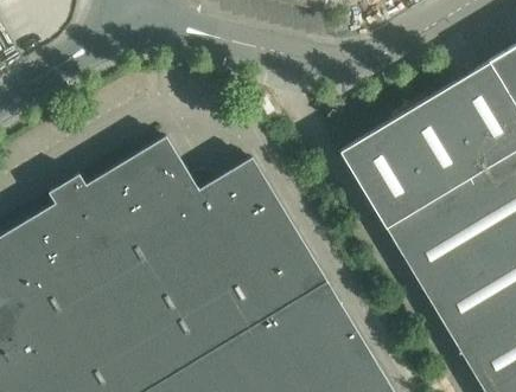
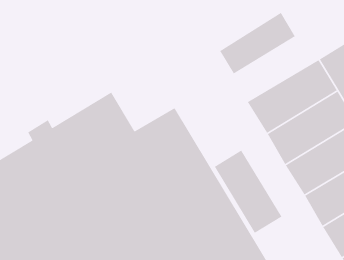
building: none -> [219,12,296,75]
building: none -> [214,150,283,234]

